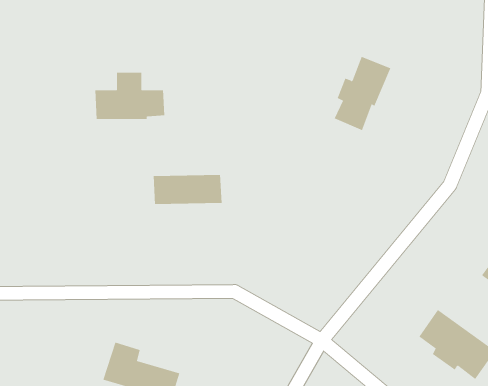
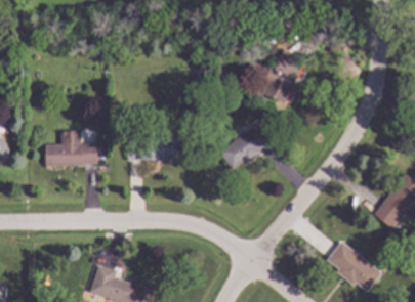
building: [94,72,165,120] -> [44,130,97,166]
building: none -> [224,123,273,166]

